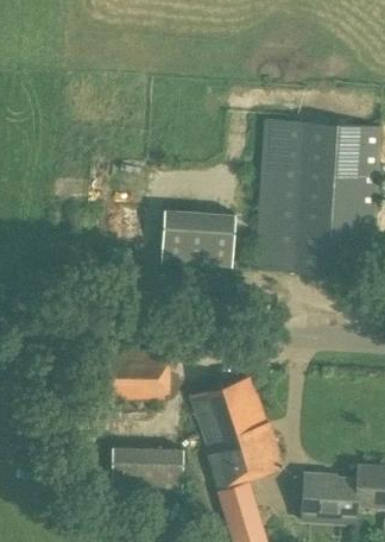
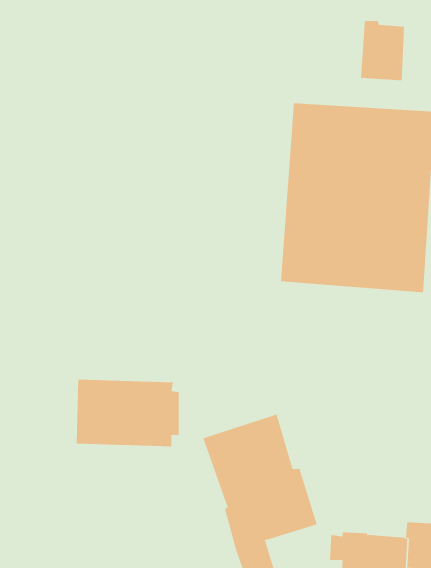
building: none -> [361,20,404,81]
building: [157,209,232,265] -> none
building: [107,447,178,491] -> none

